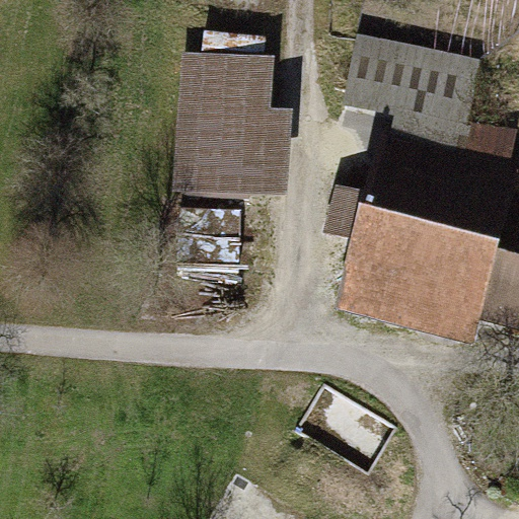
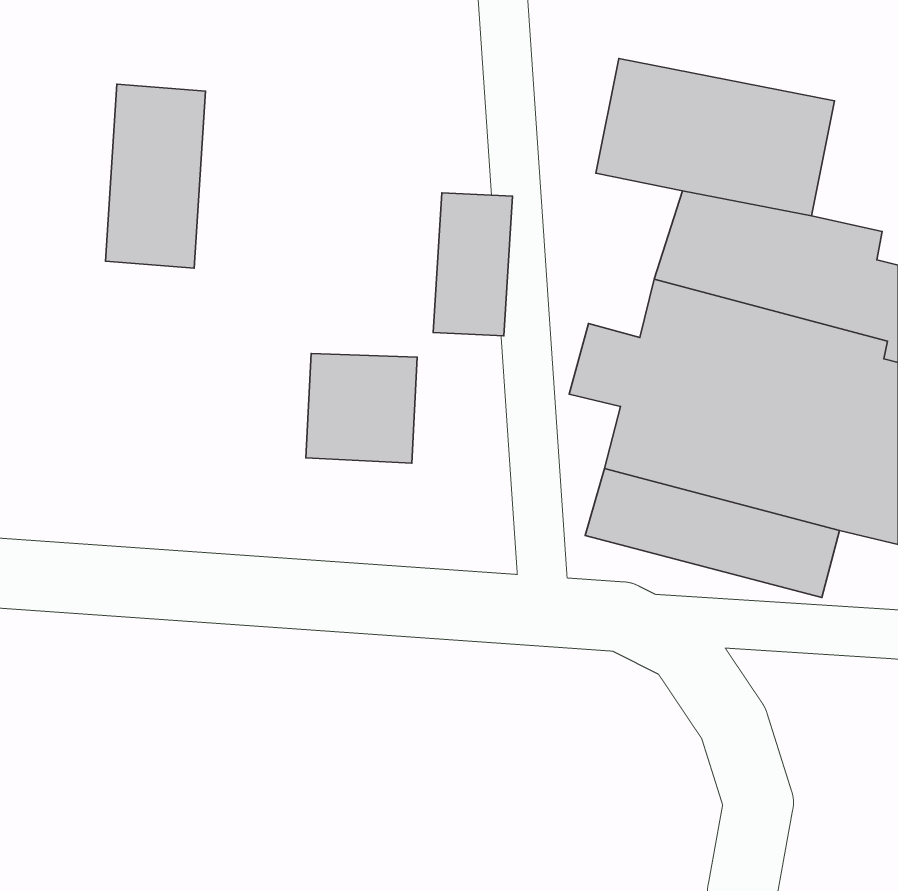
building: none -> [105,84,205,268]
building: [188,59,256,191] -> none

